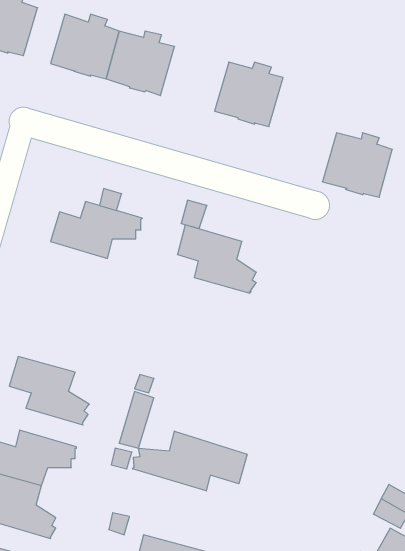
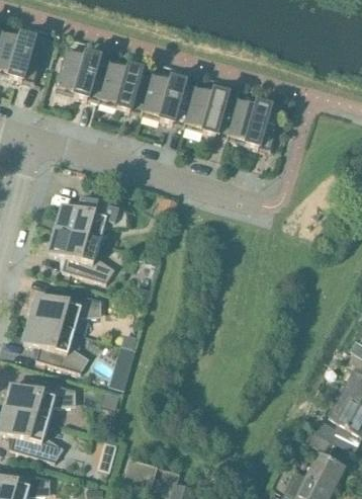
building: none -> [141,74,194,124]
building: [322,133,392,197] -> [225,98,280,149]
building: [177,225,256,293] -> [49,227,110,280]
building: none -> [29,285,101,329]
building: [133,431,247,491] -> none

